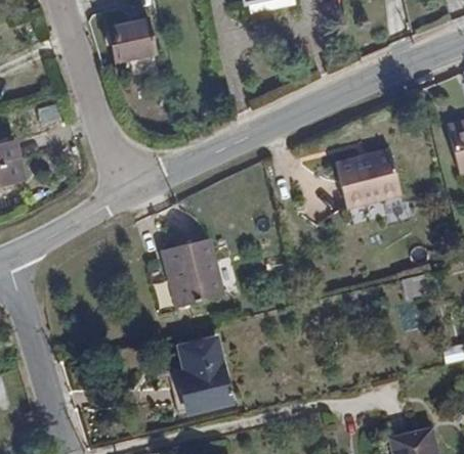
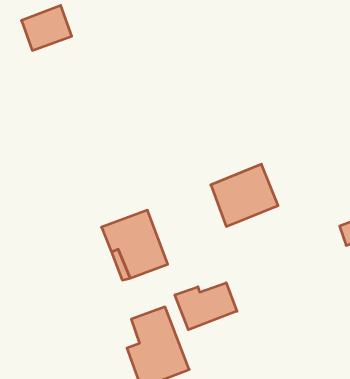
building: [336,149,402,208] -> [211,164,278,226]
building: none -> [175,283,237,330]

